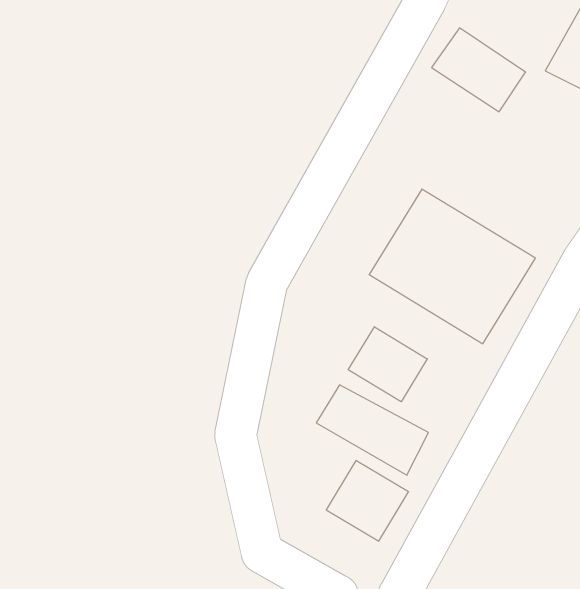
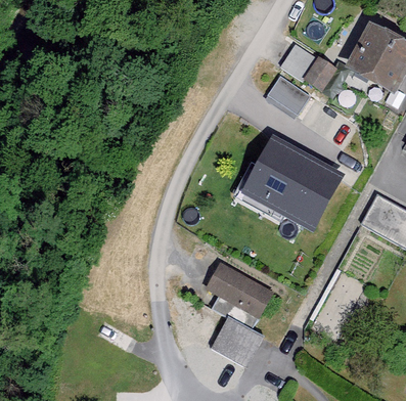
building: none -> [269,72,310,109]
building: [348,327,427,402] -> none

